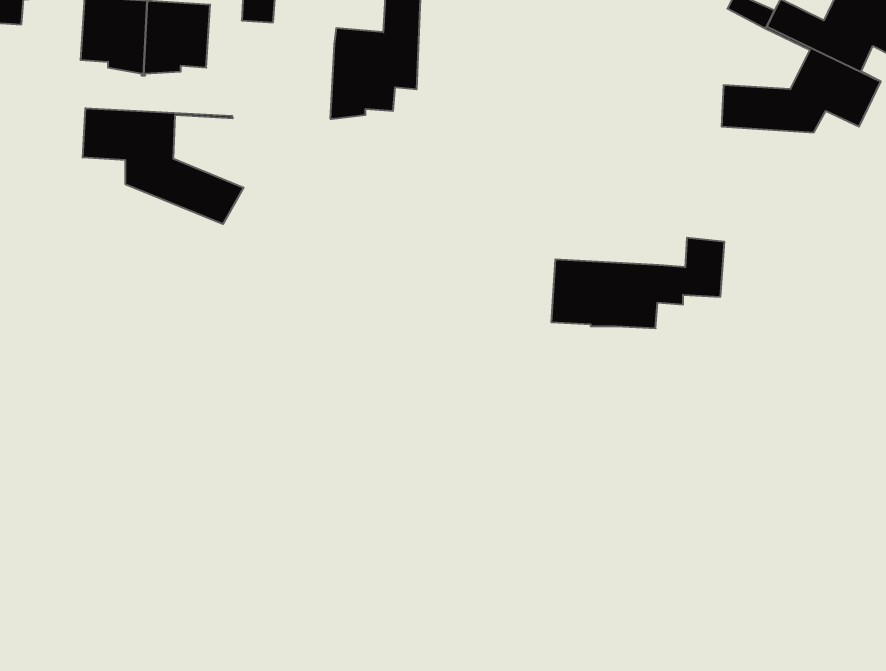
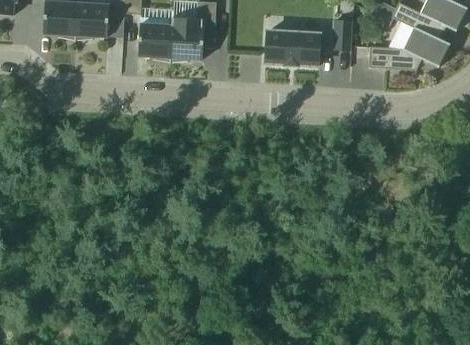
building: none -> [138,22,172,61]
building: [83,108,244,224] -> none
building: [551,238,724,328] -> [265,18,353,64]

